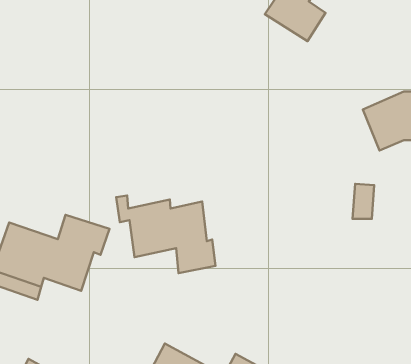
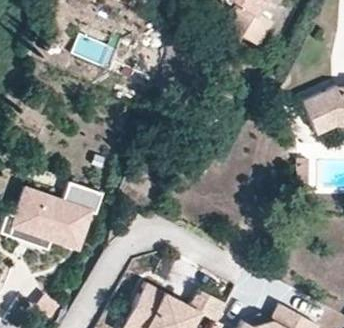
building: [116,195,216,273] -> none

